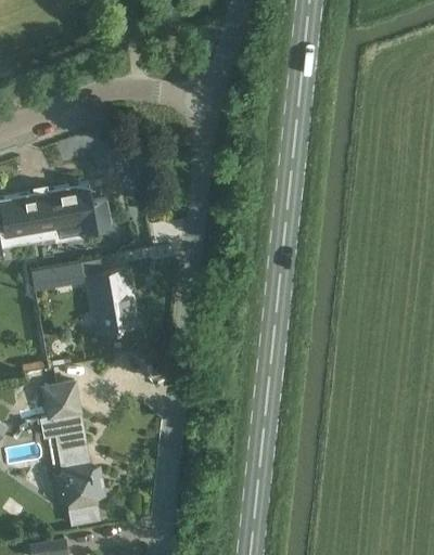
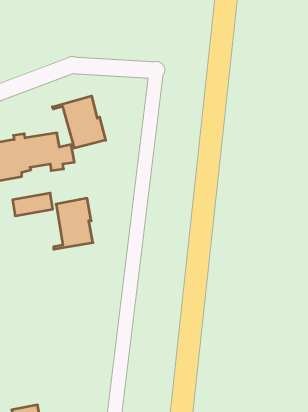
building: none -> [52,96,106,148]
building: [39,383,103,526] -> none

